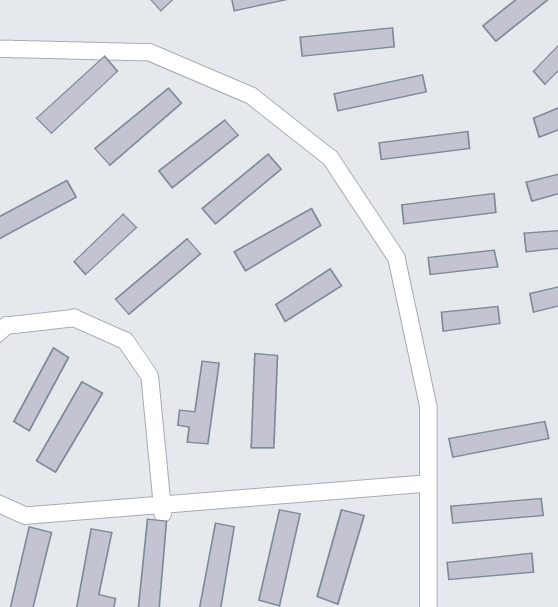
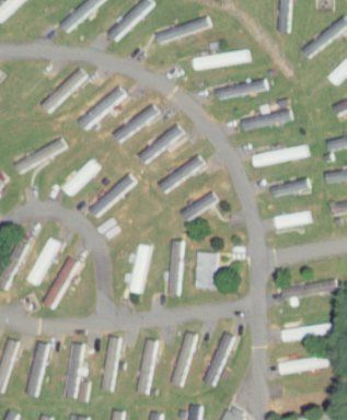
building: none -> [197,253,218,290]

